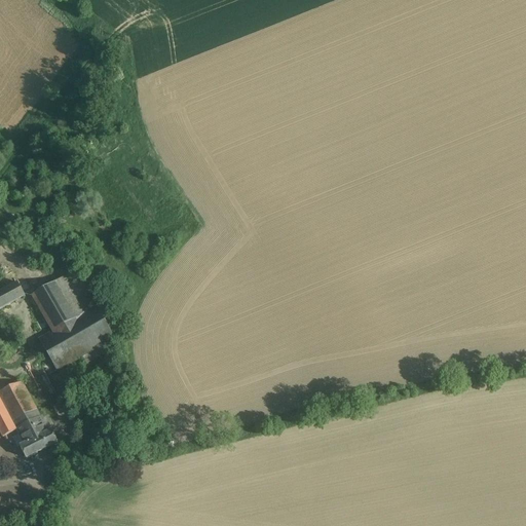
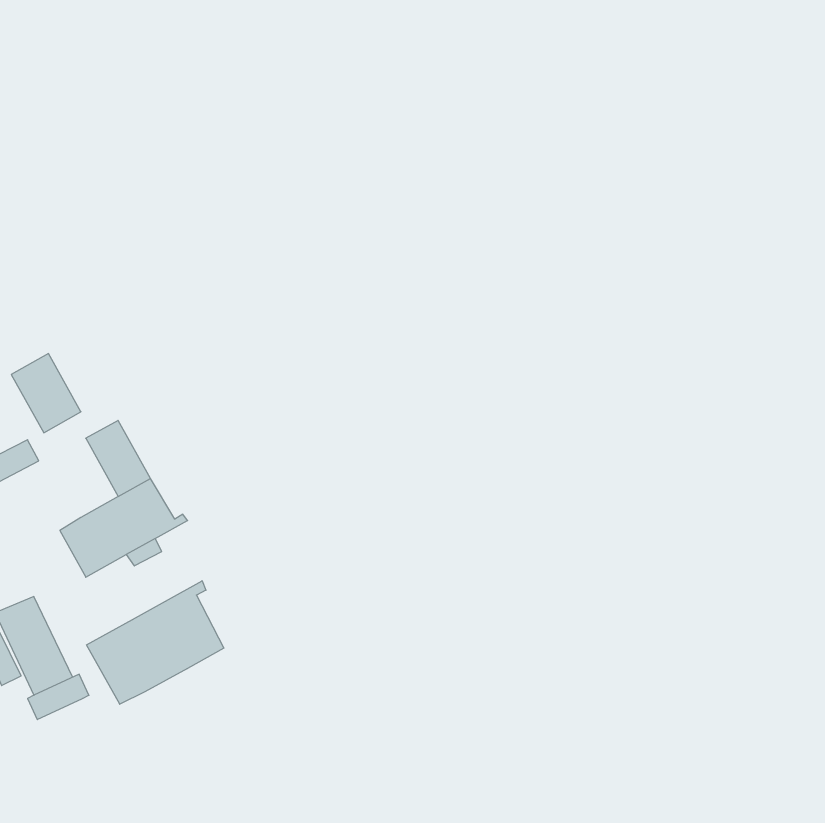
building: [31,280,75,331] -> [11,354,81,433]
building: none -> [87,581,224,704]

